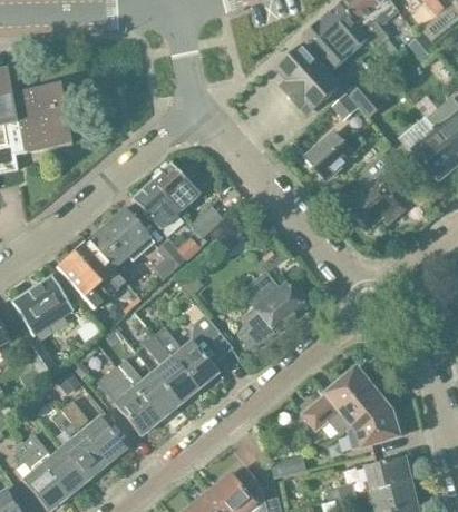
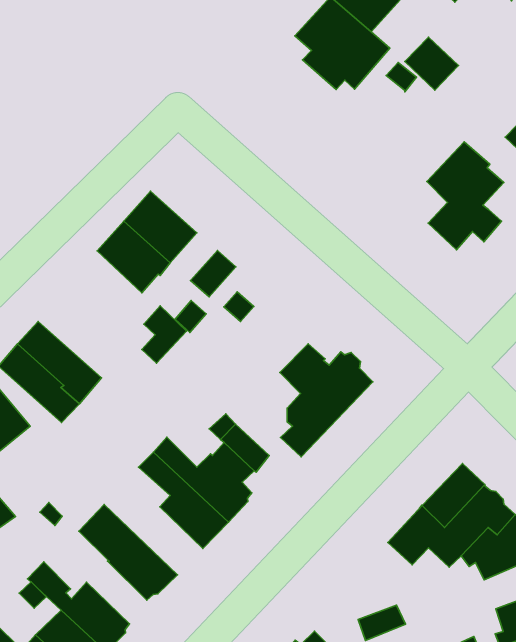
building: [306,130,366,179] -> none
building: [87,207,149,269] -> none
building: [116,358,178,419] -> none

